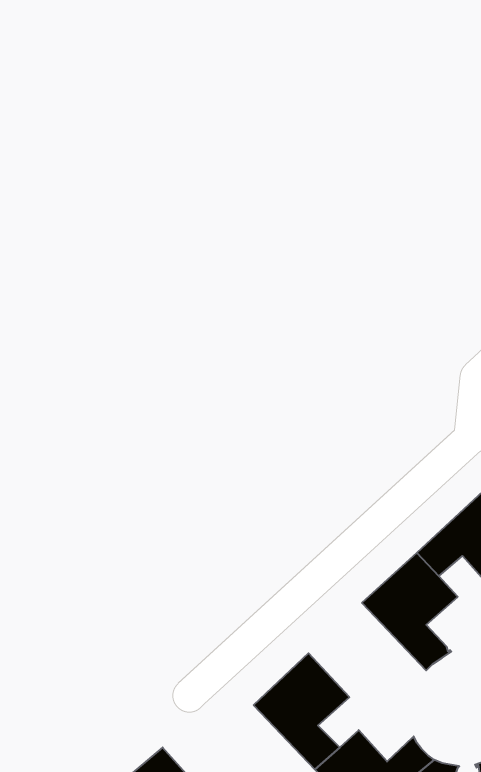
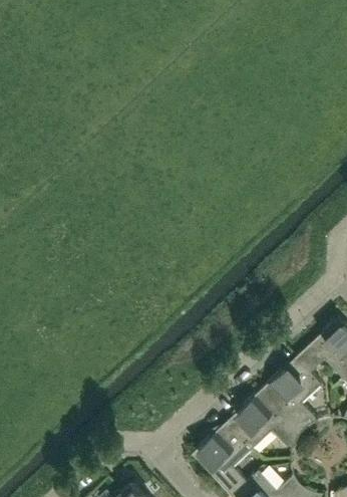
building: none -> [227,389,302,449]

